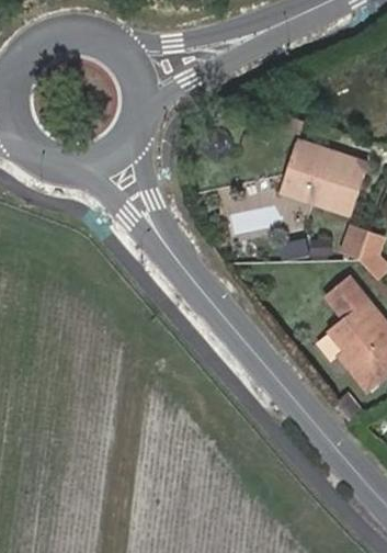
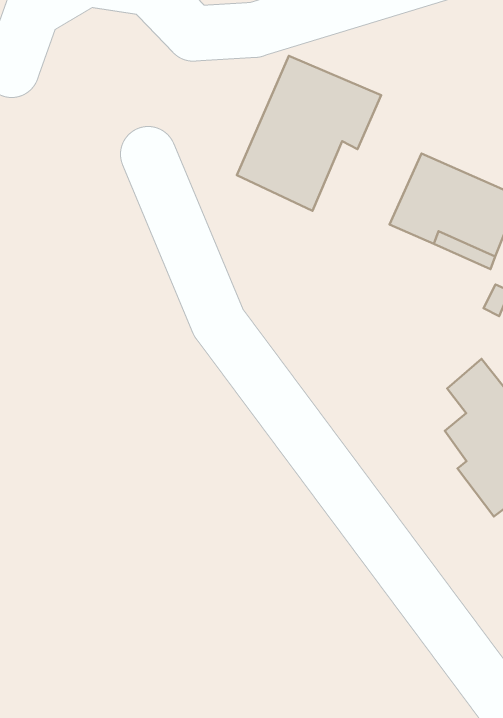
building: none -> [237,56,381,211]

